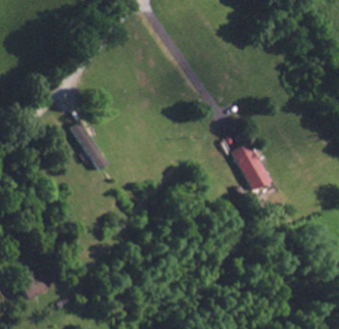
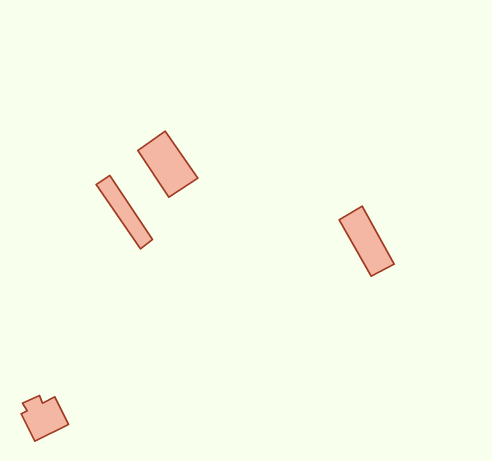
building: none -> [138,131,198,197]

